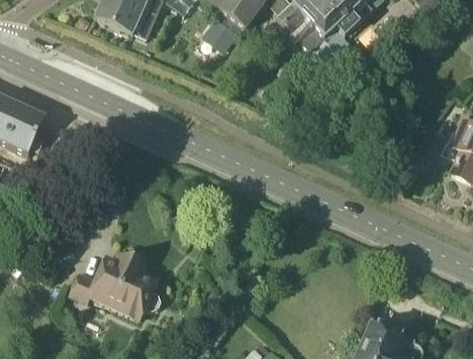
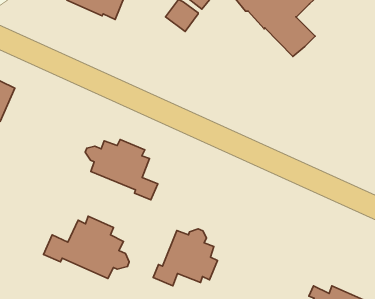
building: none -> [85,140,158,200]
building: none -> [153,229,218,286]

